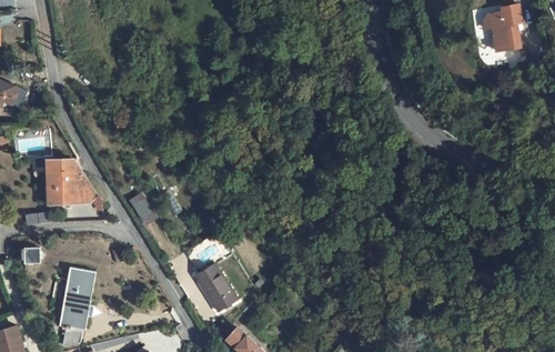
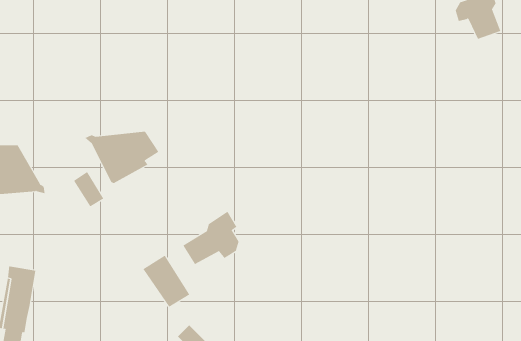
building: none -> [84,131,159,184]
building: none -> [182,211,239,265]

